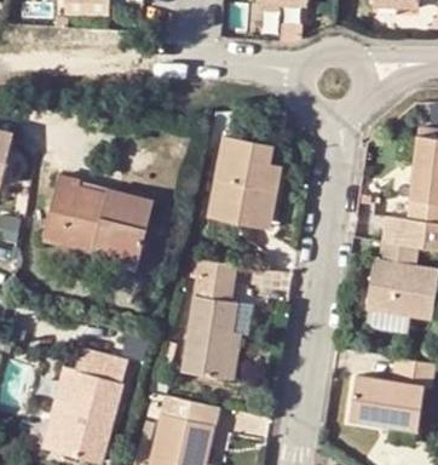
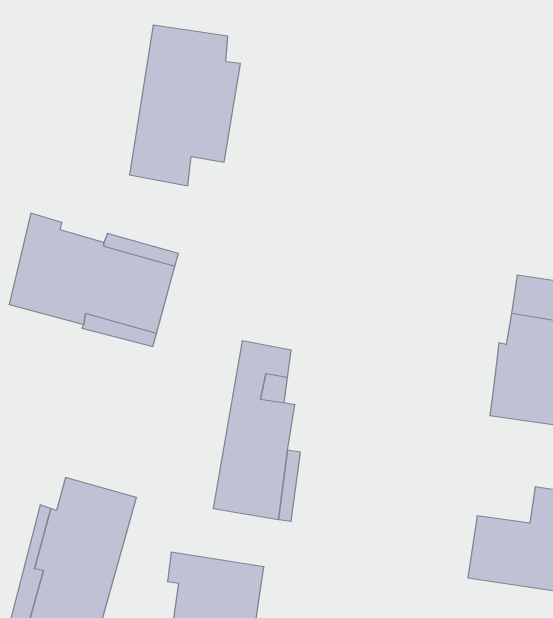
building: [204,137,278,243] -> [129,25,240,186]

